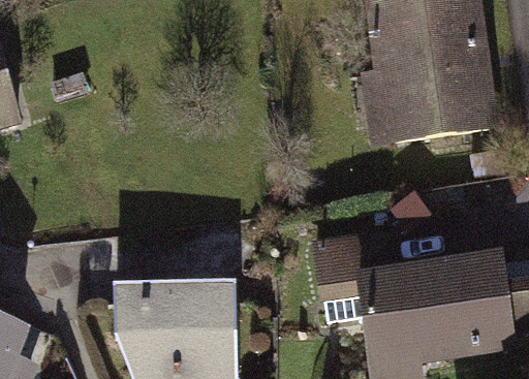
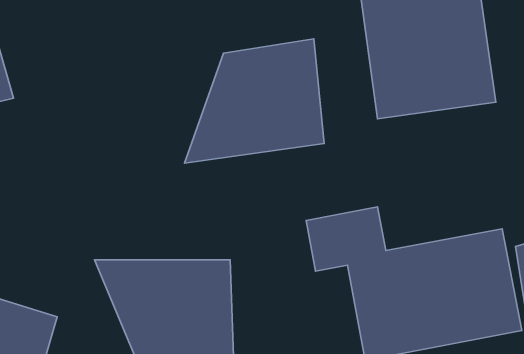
building: none -> [184,39,324,163]

